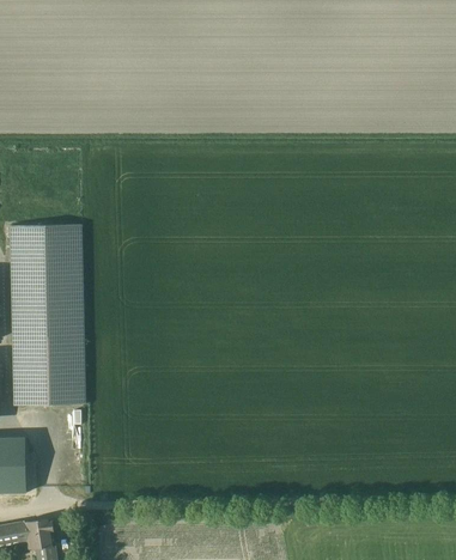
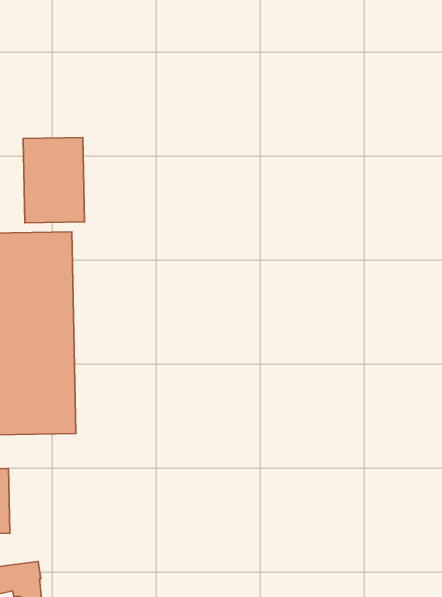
building: none -> [23,138,85,223]

